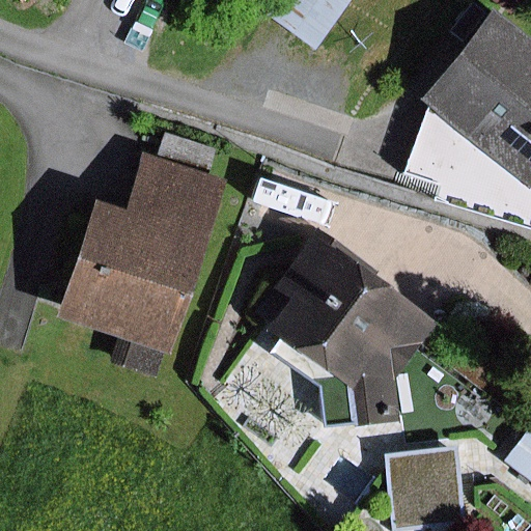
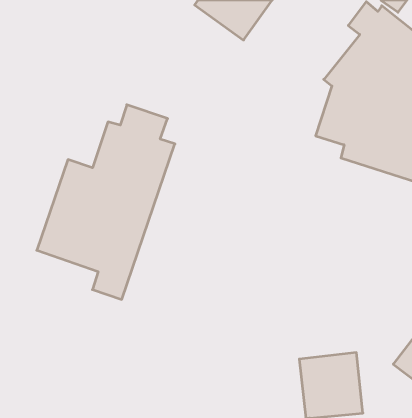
building: [269,227,439,427] -> none

